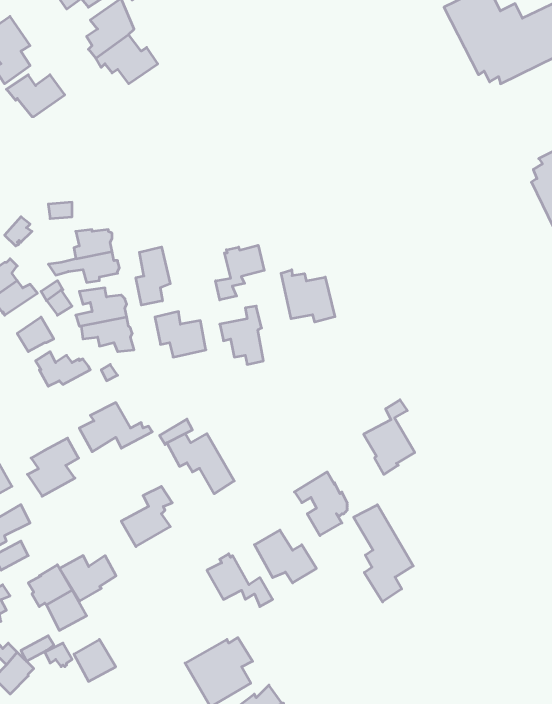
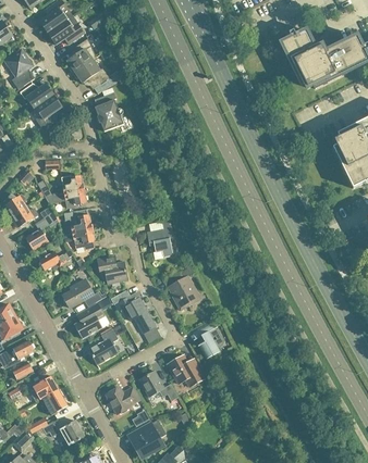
building: none -> [95,91,124,130]
building: none -> [36,95,62,130]
building: [216,245,264,300] -> none
building: [136,247,170,305] -> none
building: [281,270,335,322] -> none
building: [155,312,206,357] -> [97,255,127,283]
building: [364,400,415,474] -> [169,265,199,310]
building: [27,438,79,496] -> [74,302,105,337]
building: [354,505,413,602] -> none
building: [60,556,116,601] -> [106,386,139,413]

